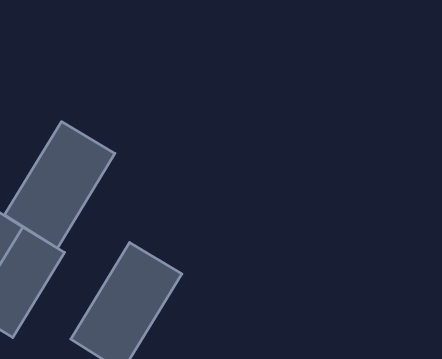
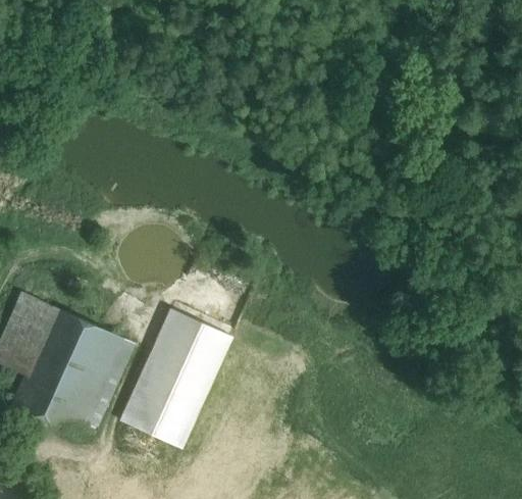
building: [4,122,115,248] -> none
building: none -> [59,330,123,437]

